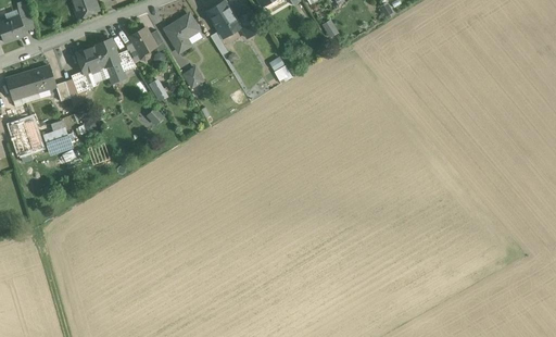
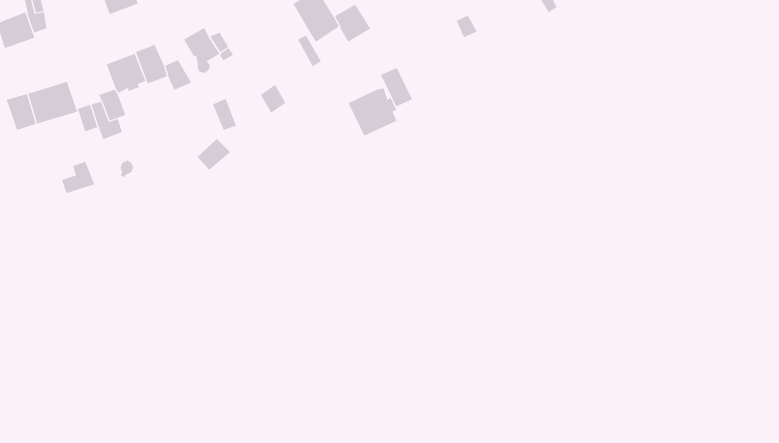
building: [164,14,198,52] -> none
building: none -> [348,87,397,136]
building: [9,117,40,154] -> none

